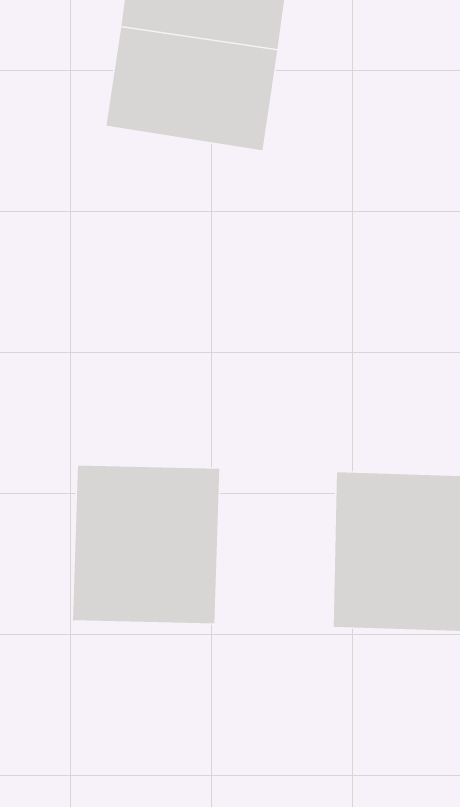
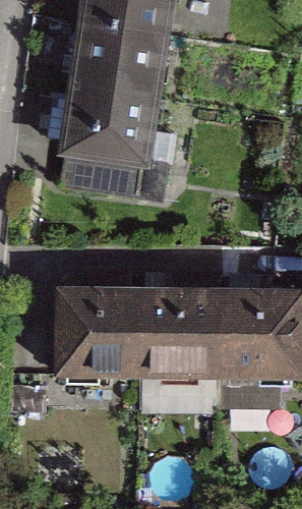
building: none -> [60,78,179,175]
building: none -> [139,288,214,386]

